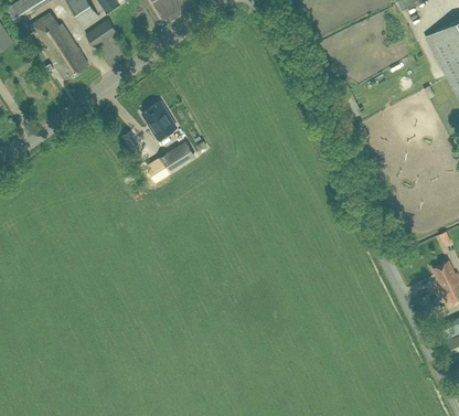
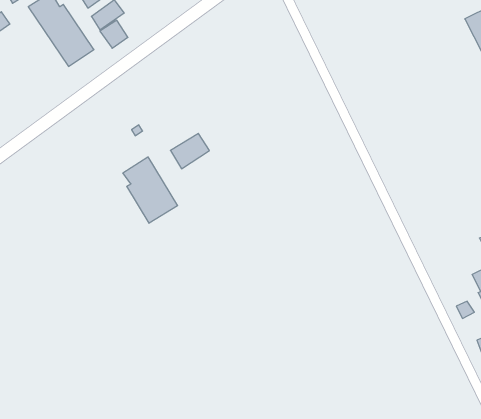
building: [141,102,175,138] -> none
building: none -> [123,157,178,223]

